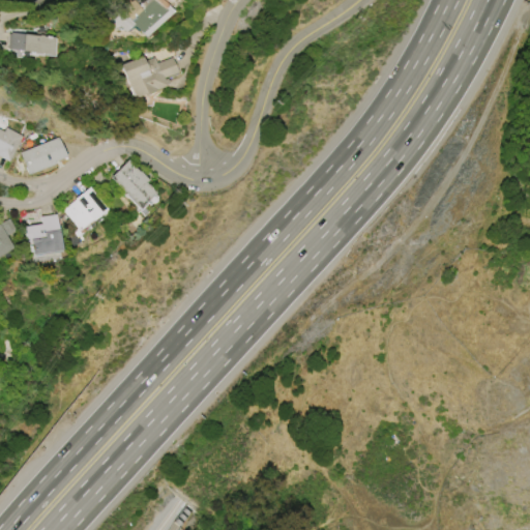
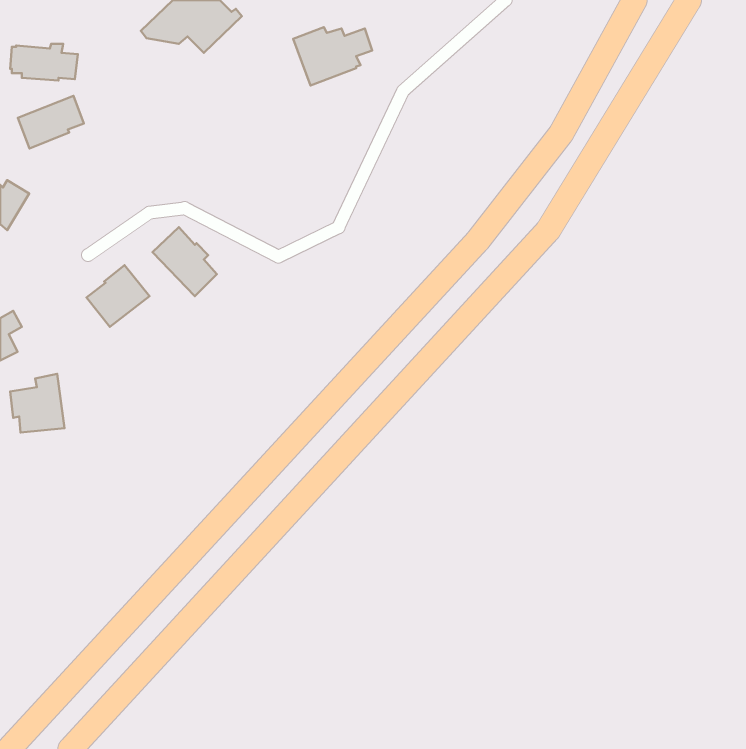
building: [122,57,178,98] -> [293,27,372,86]
building: [21,138,67,175] -> [18,96,84,149]
building: [24,214,62,256] -> [10,374,65,433]

